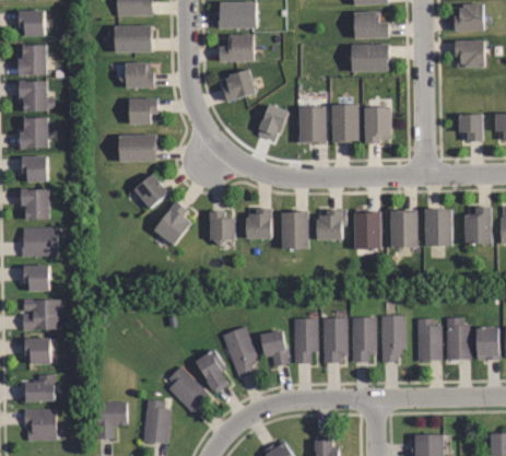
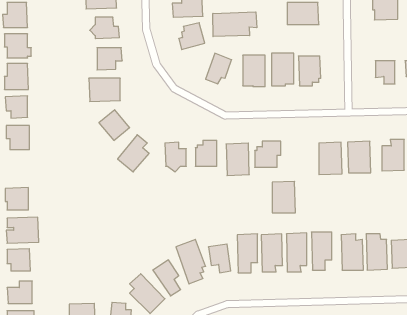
building: none -> [213,12,257,37]
building: [354,211,381,248] -> [272,181,295,213]
building: [20,226,55,255] -> none

